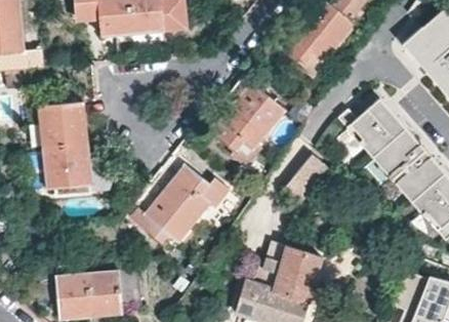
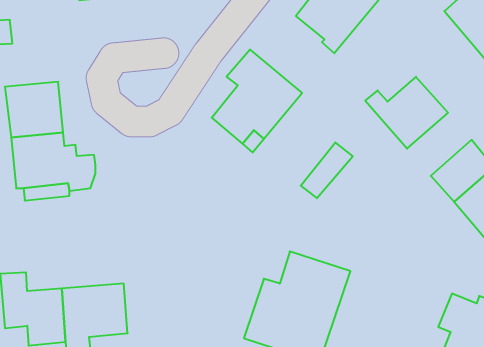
building: [372,127,425,179] -> none
building: [130,161,232,242] -> none

